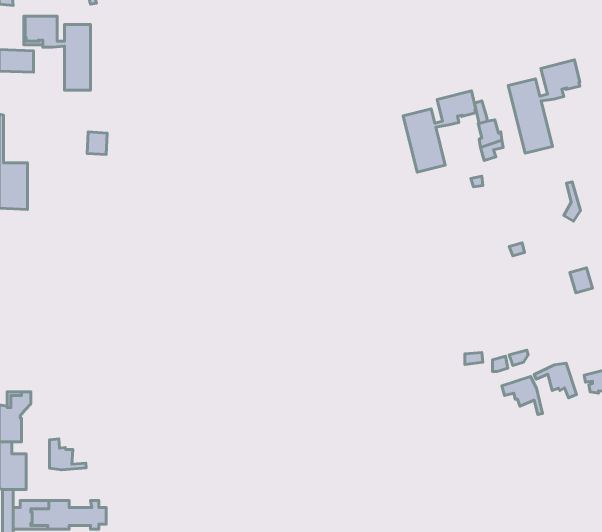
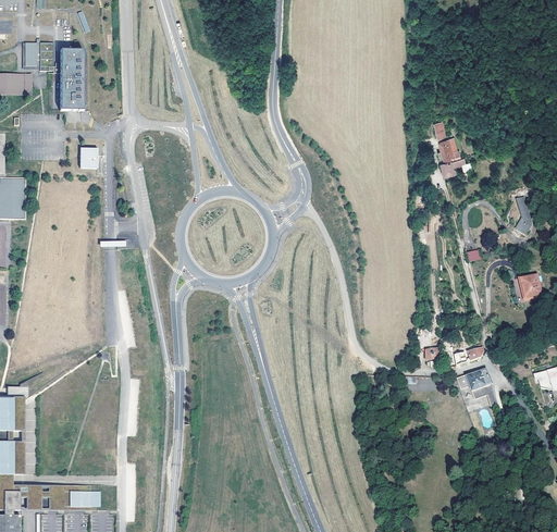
building: [508,60,580,153] -> none
building: [403,91,476,172] -> none
building: [534,363,576,398] -> none
building: [49,439,86,470] -> none

